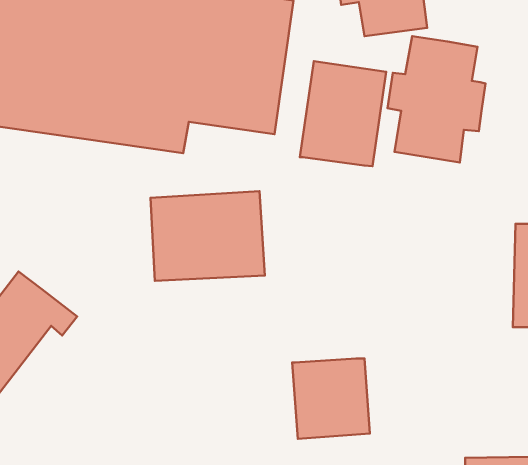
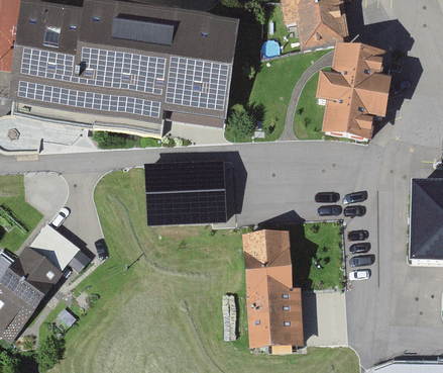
building: [300,61,386,166] -> none
building: none -> [245,229,295,289]

